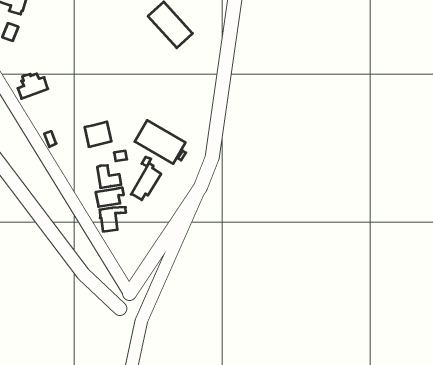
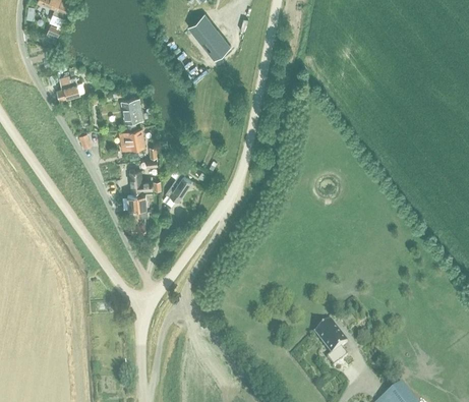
building: none -> [120,96,142,127]
building: [135,120,185,164] -> none
building: none -> [314,321,346,353]

